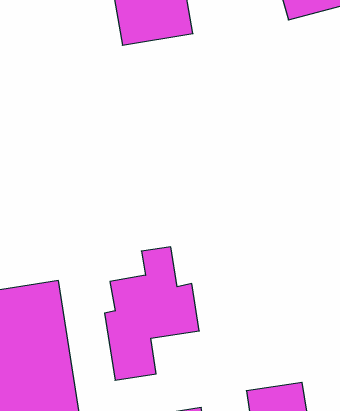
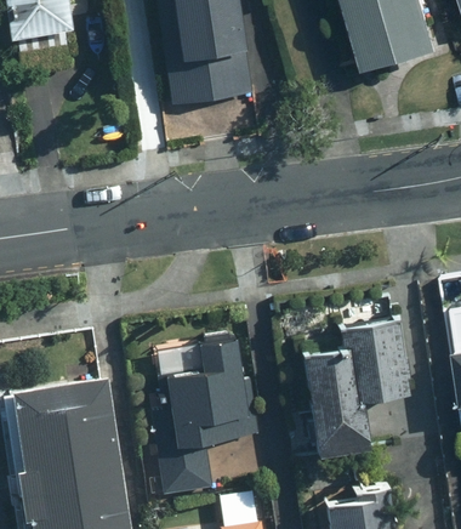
building: none -> [292,322,399,457]

